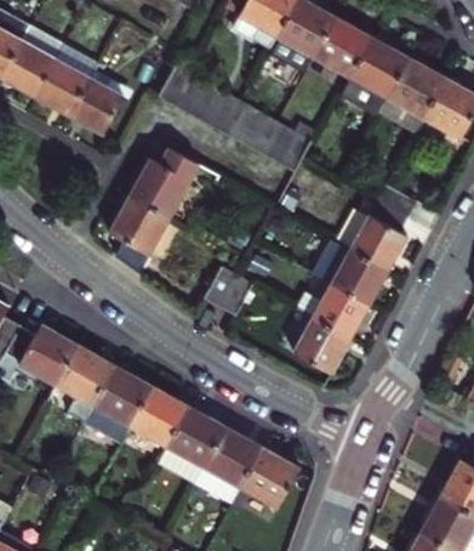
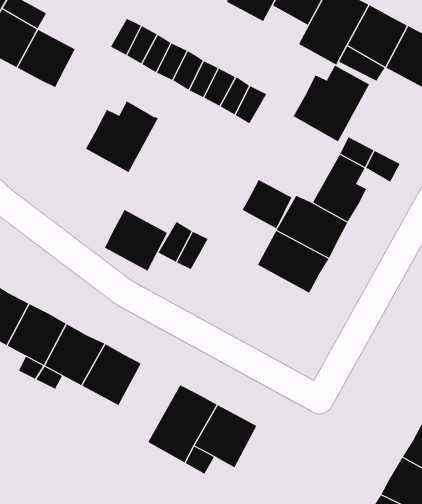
building: none -> [293,65,370,142]
building: [112,195,173,256] -> [104,209,168,271]
building: none -> [242,179,292,229]
building: [293,317,349,373] -> none
building: [155,404,223,481] -> none

